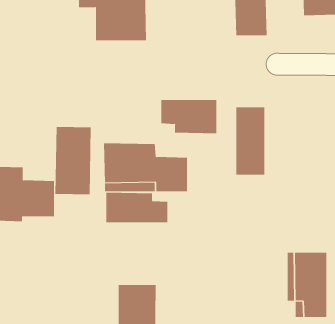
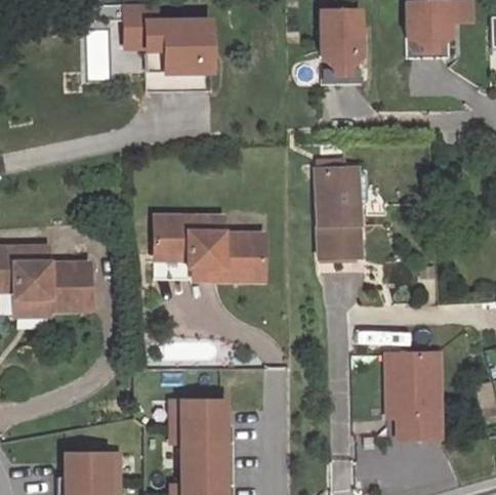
building: [161,99,217,134] -> none
building: [55,126,91,195] -> none
building: [106,192,168,223] -> none

